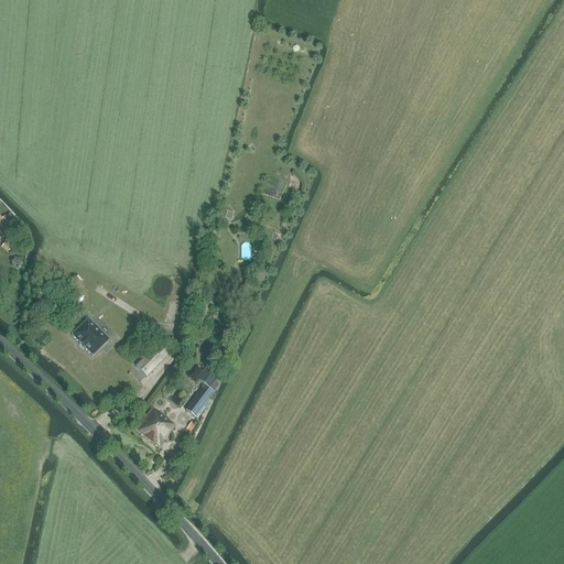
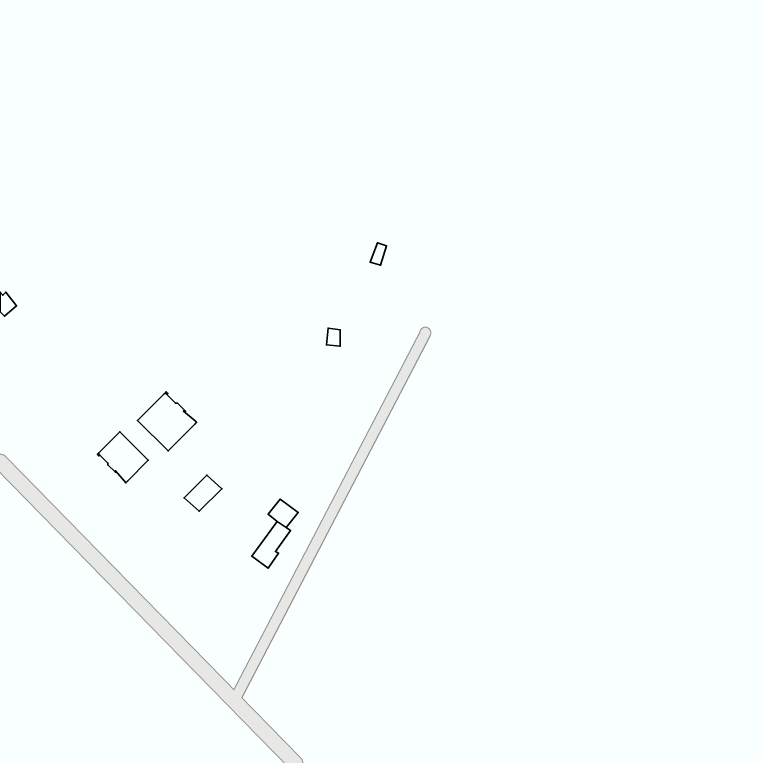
building: none -> [138,392,197,451]
building: [137,406,176,446] -> none

